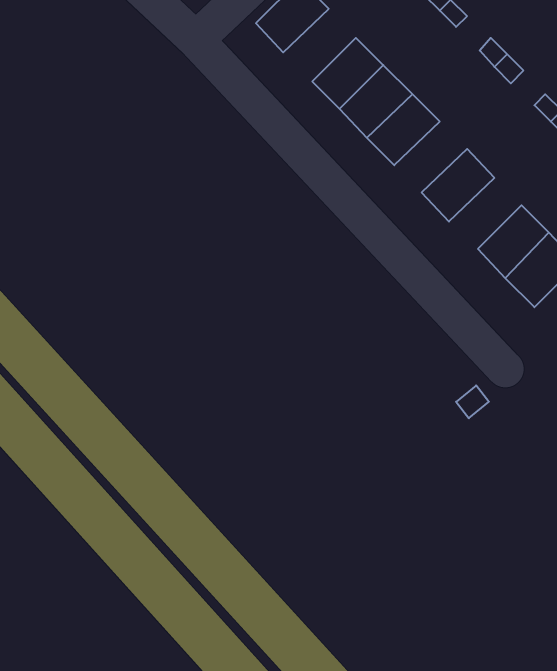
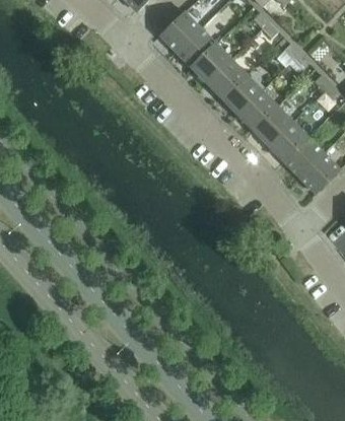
building: none -> [176,27,216,68]
building: none -> [237,90,278,130]
building: none -> [268,122,308,161]

